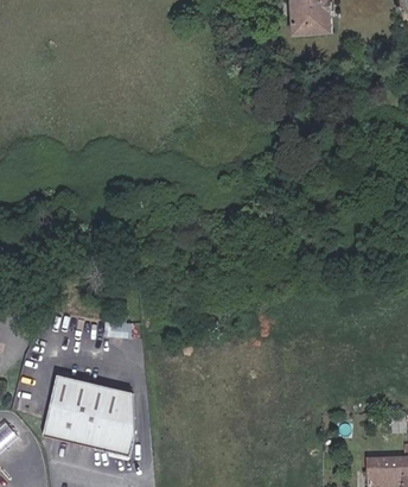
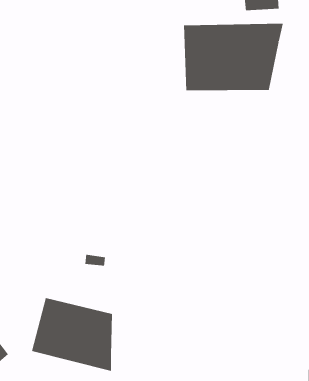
building: none -> [183,23,283,91]

